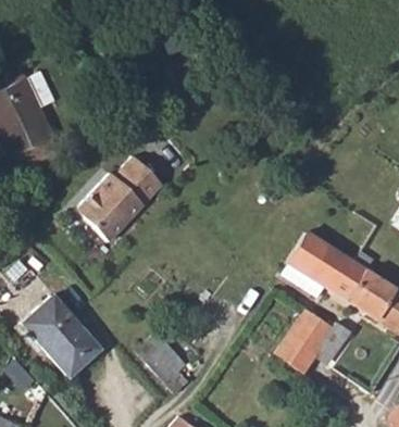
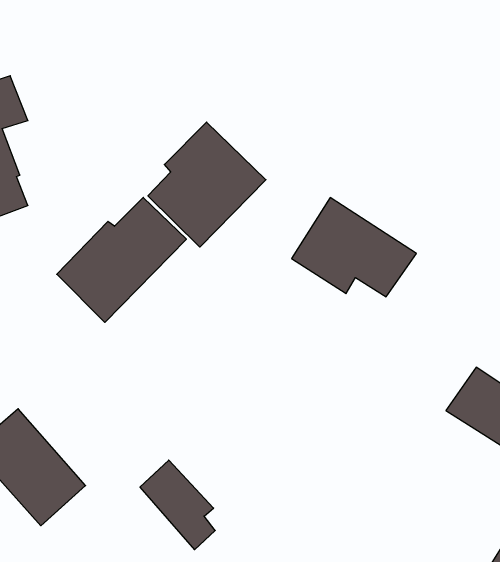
building: none -> [148,122,266,247]
building: [279,231,364,299] -> [292,198,416,297]
building: [274,309,350,373] -> none

